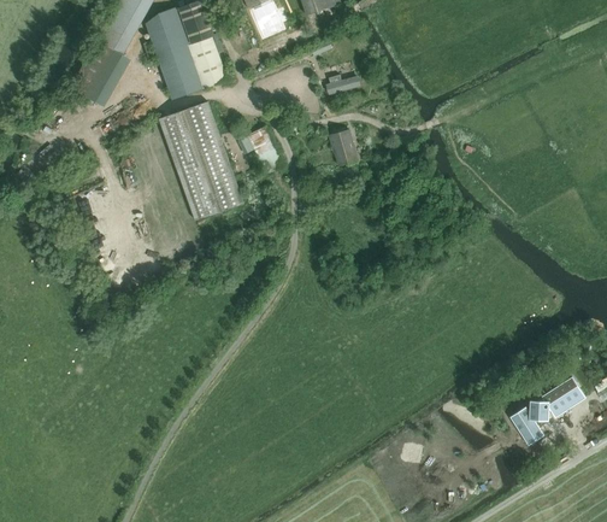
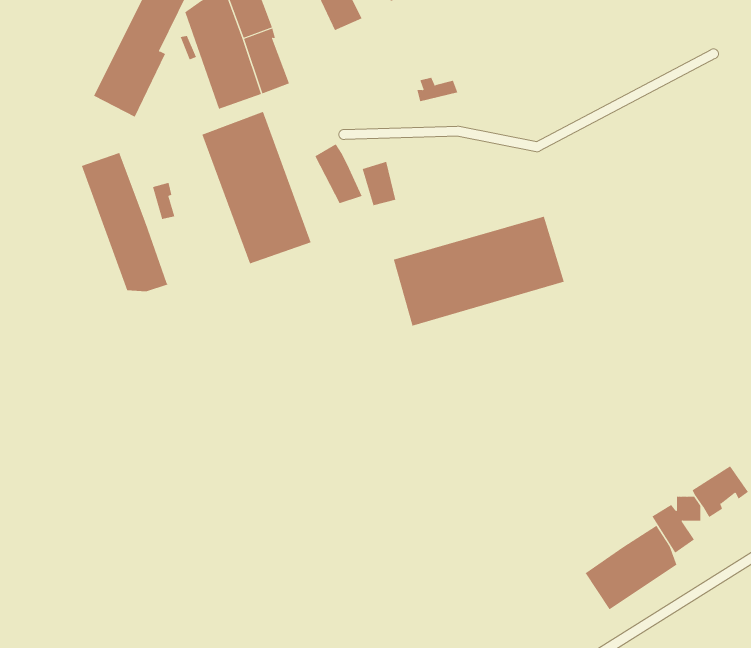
building: [329,129,355,164] -> [362,161,396,206]
building: none -> [81,152,168,292]
building: none -> [393,216,564,327]
building: none -> [585,524,677,610]

